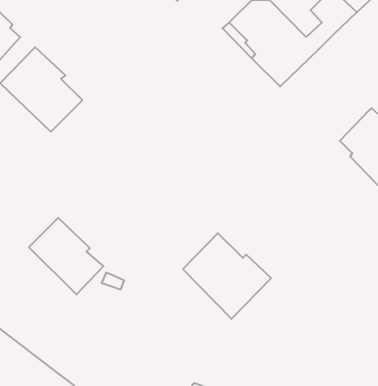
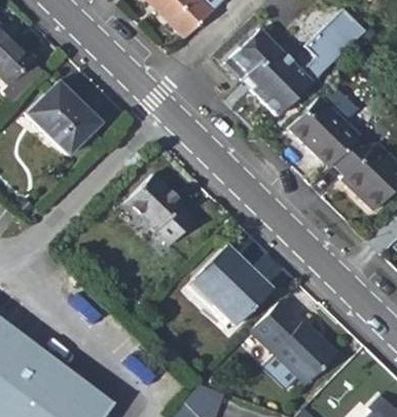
building: none -> [290,98,360,167]
building: [29,218,103,294] -> [127,175,194,244]
building: none -> [251,299,335,383]

